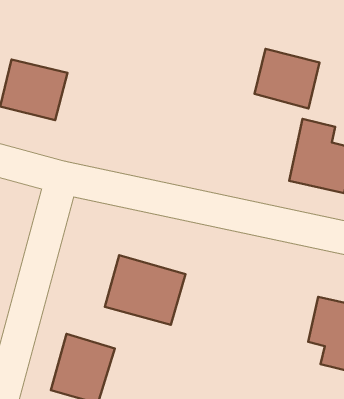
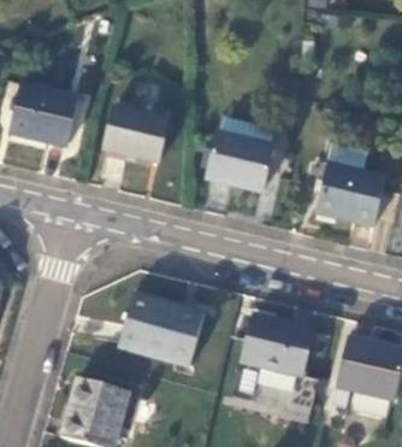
building: [254,49,320,109] -> [203,130,273,194]
building: none -> [105,105,169,160]
building: none -> [241,313,313,390]

